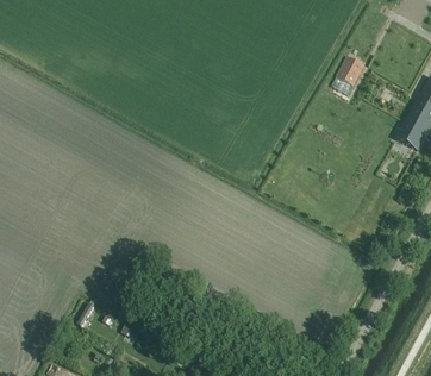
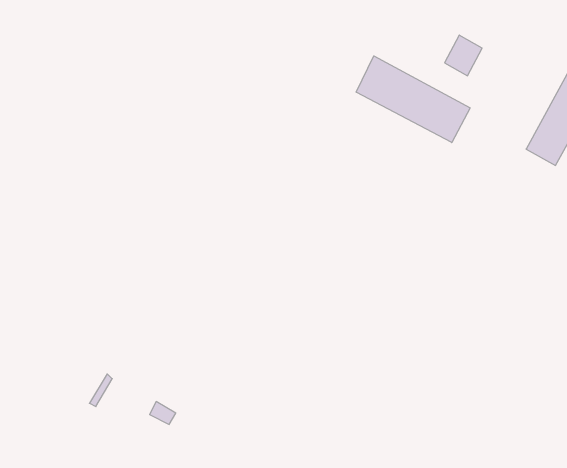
building: none -> [356,56,470,143]

